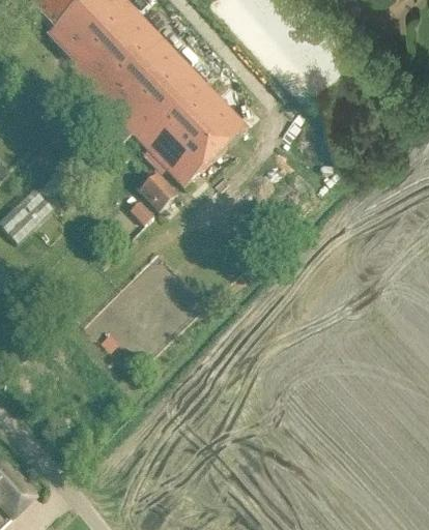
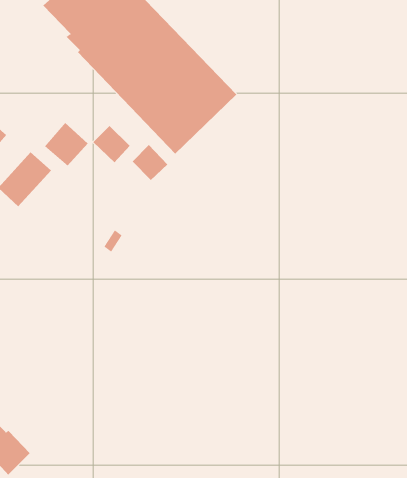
building: none -> [44,122,89,167]
building: none -> [92,125,130,163]

